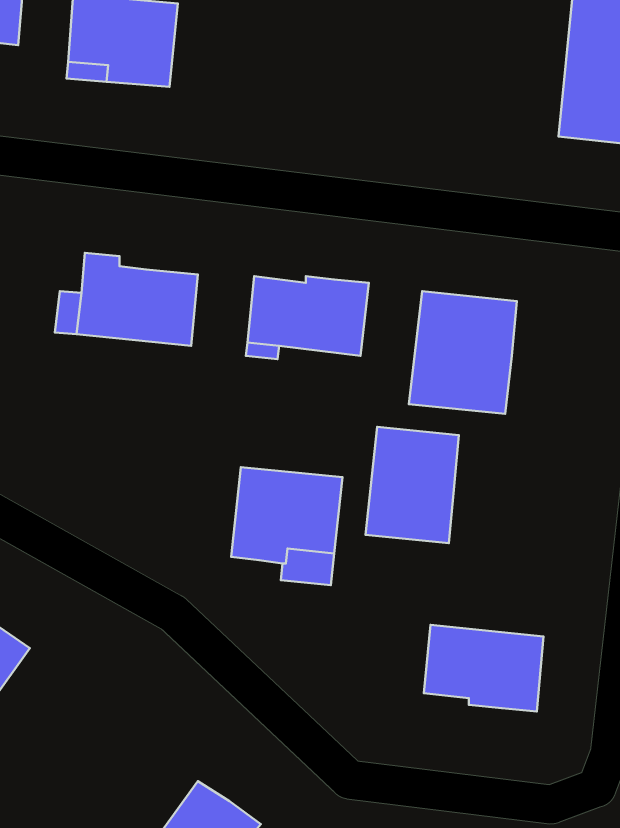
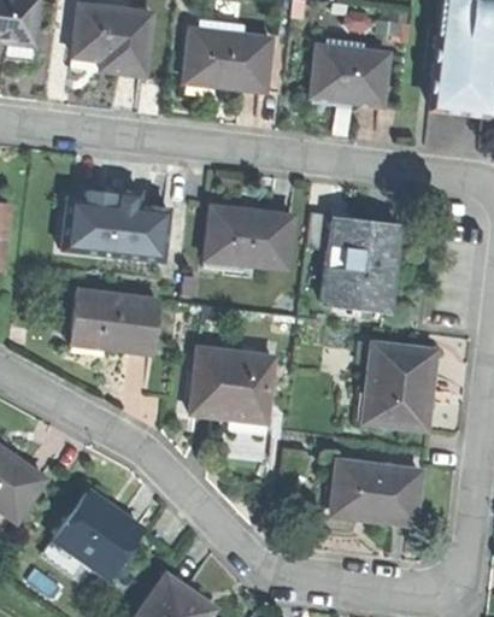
building: none -> [187,27,271,90]
building: none -> [313,46,387,105]
building: none -> [72,290,159,353]
building: [366,427,459,543] -> [365,343,433,428]
building: none -> [55,489,143,574]

